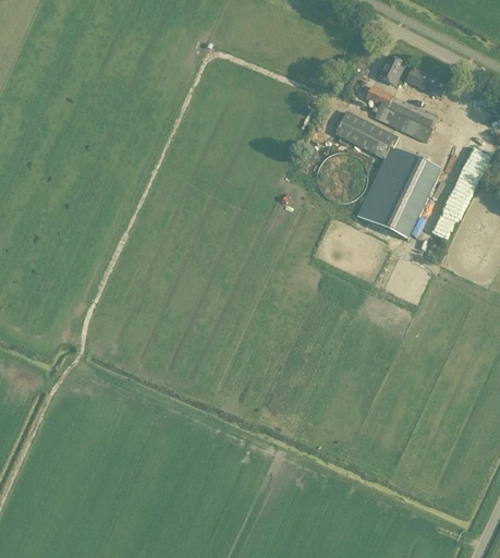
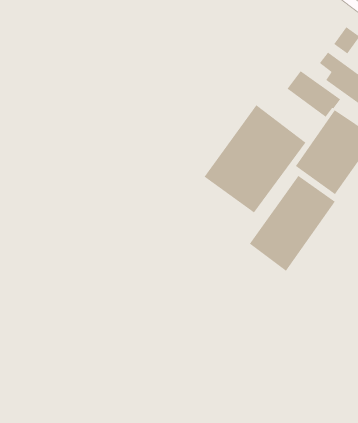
building: none -> [204,104,306,214]
building: none -> [249,175,336,272]

